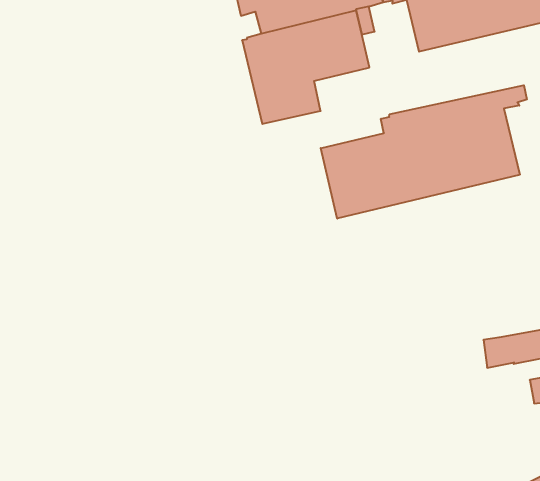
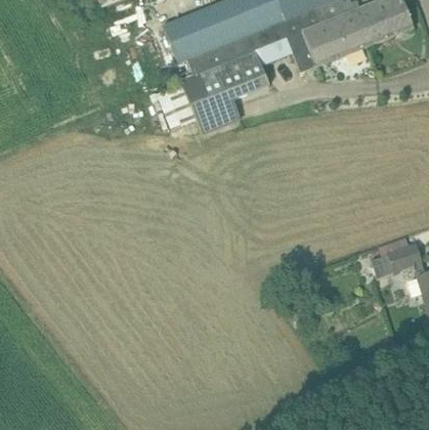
building: [321,85,527,219] -> none

